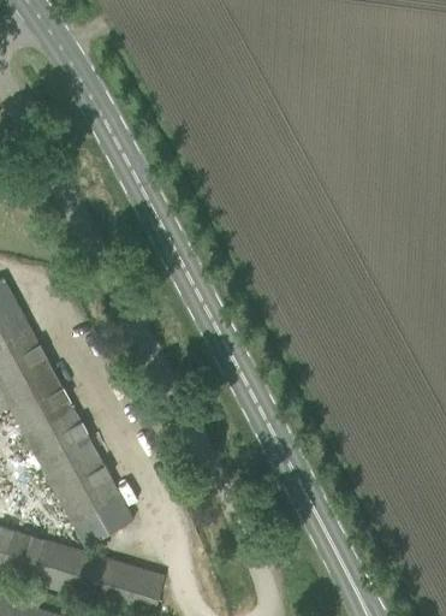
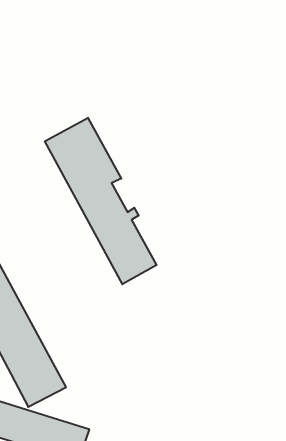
building: none -> [45,118,157,284]

